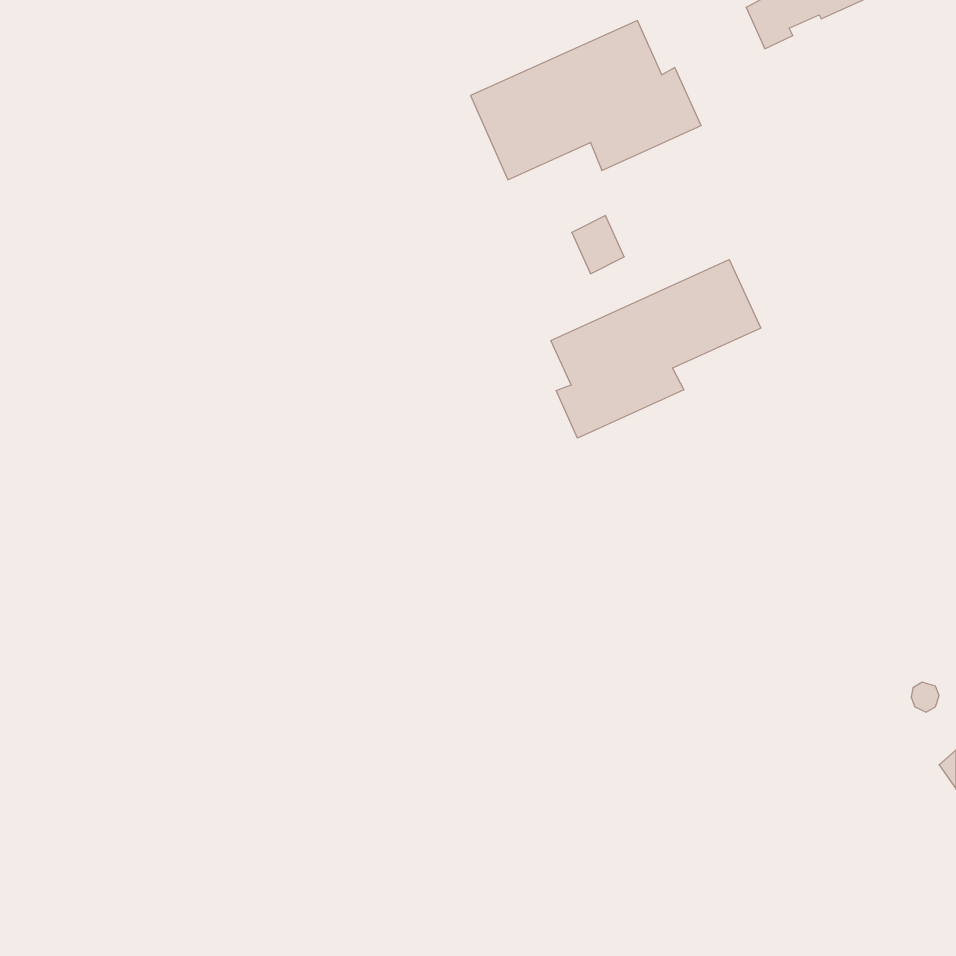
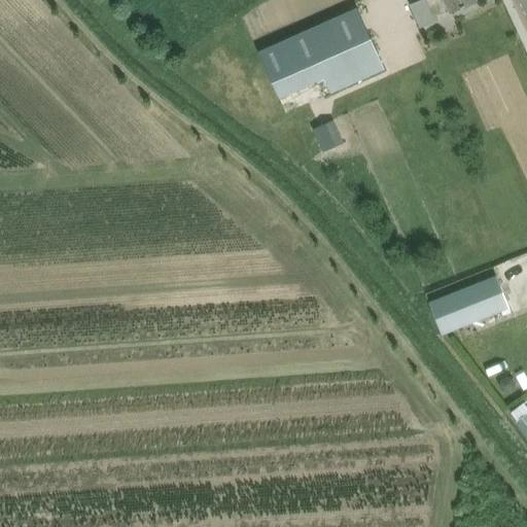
building: [551,260,761,438] -> none
building: none -> [430,276,512,332]

